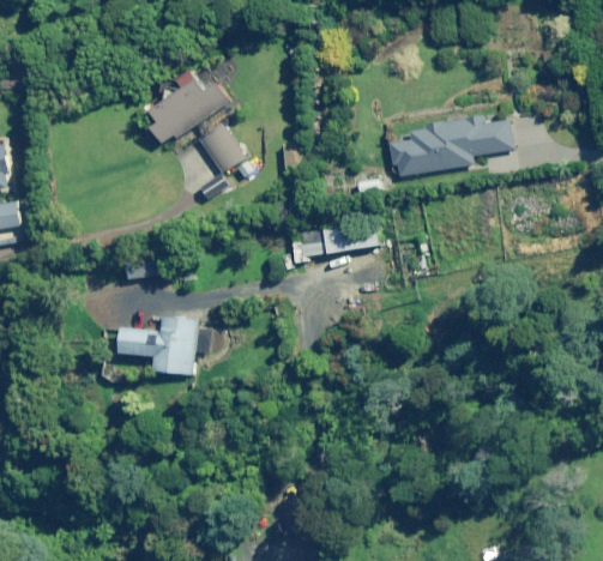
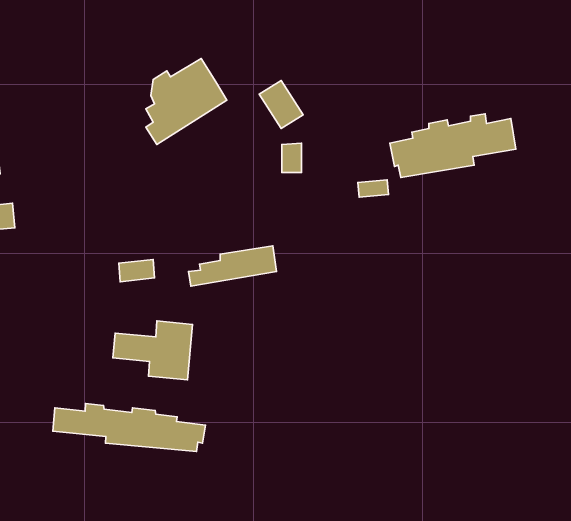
building: [197,126,240,173] -> [259,81,303,128]
building: [290,219,376,259] -> [188,246,277,286]
building: none -> [53,404,205,452]

